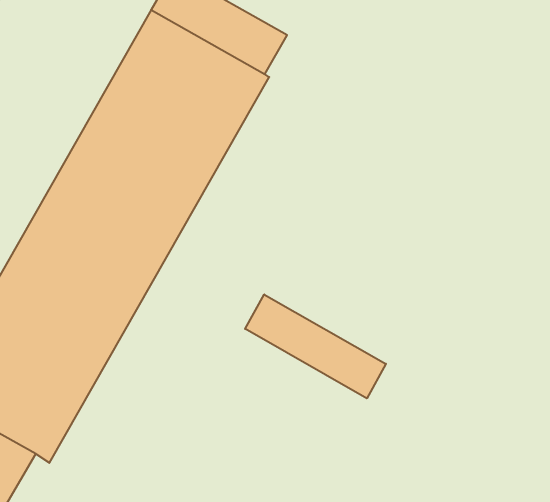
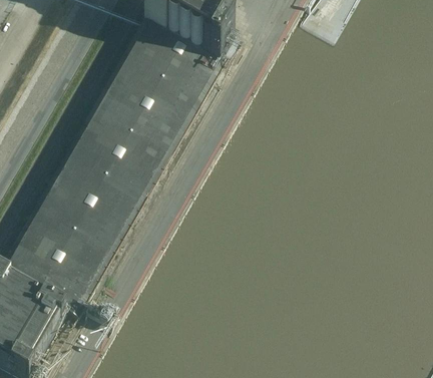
building: [245,294,386,398] -> none

